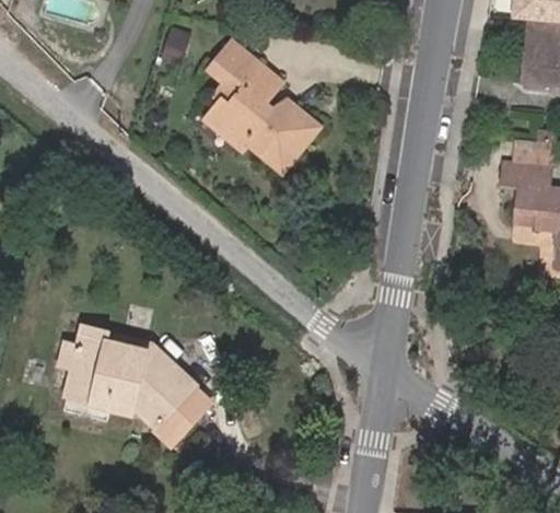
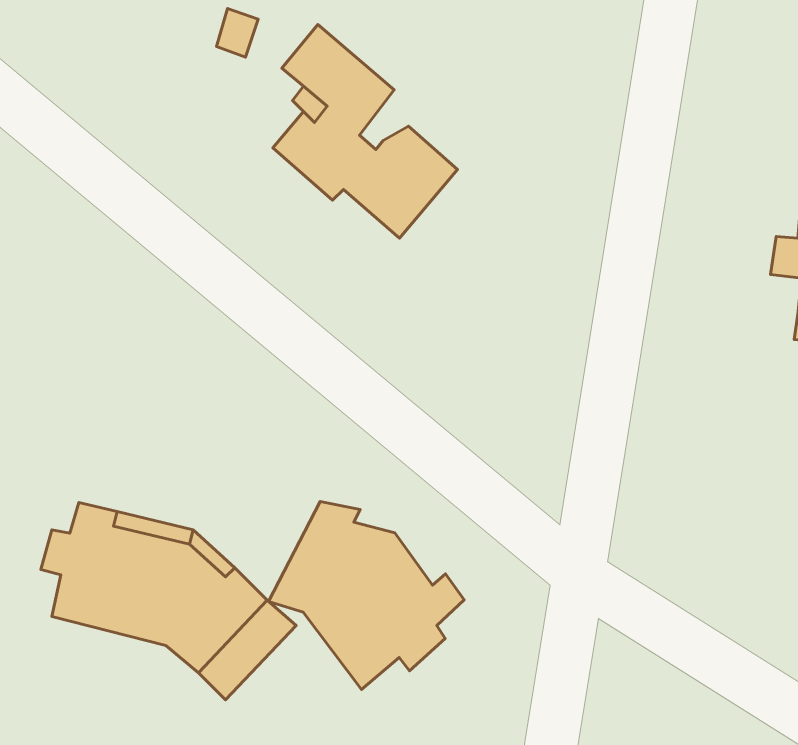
building: none -> [269,502,464,690]

